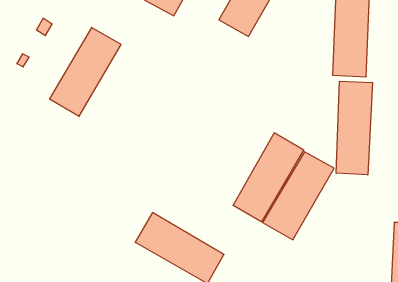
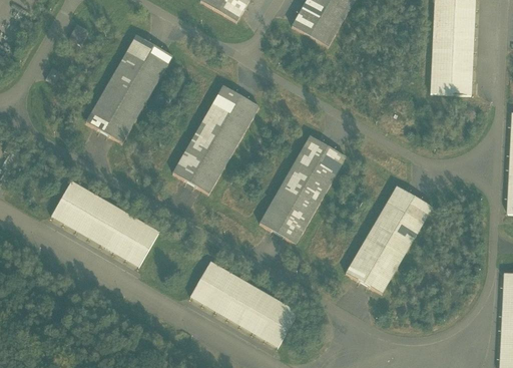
building: none -> [172,85,259,194]
building: [336,81,372,175] -> none
building: [233,133,304,222] -> [260,135,346,244]
building: none -> [51,181,159,267]

